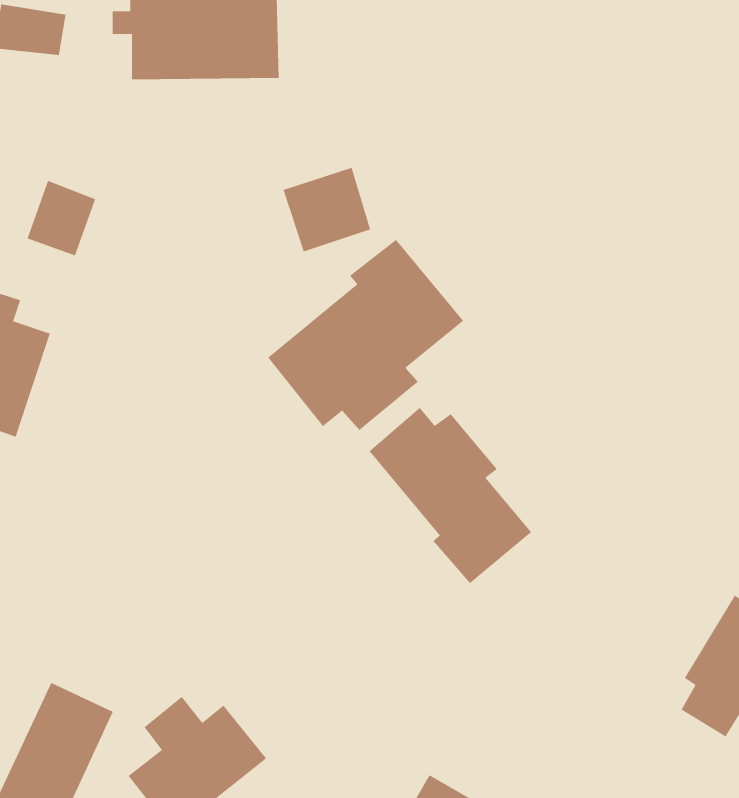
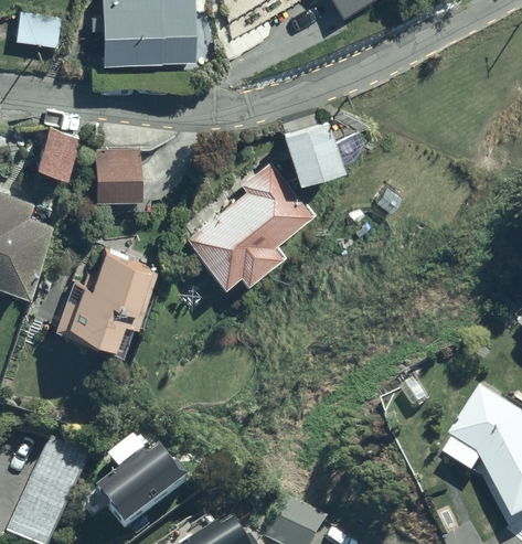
building: [282,167,371,252] -> [283,119,339,173]
building: none -> [95,156,140,203]
building: none -> [54,246,158,344]
building: [368,407,532,584] -> none

